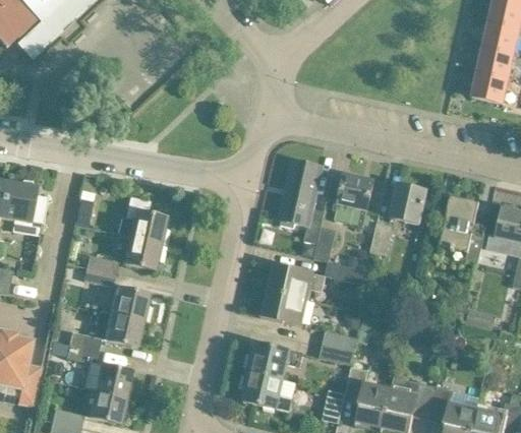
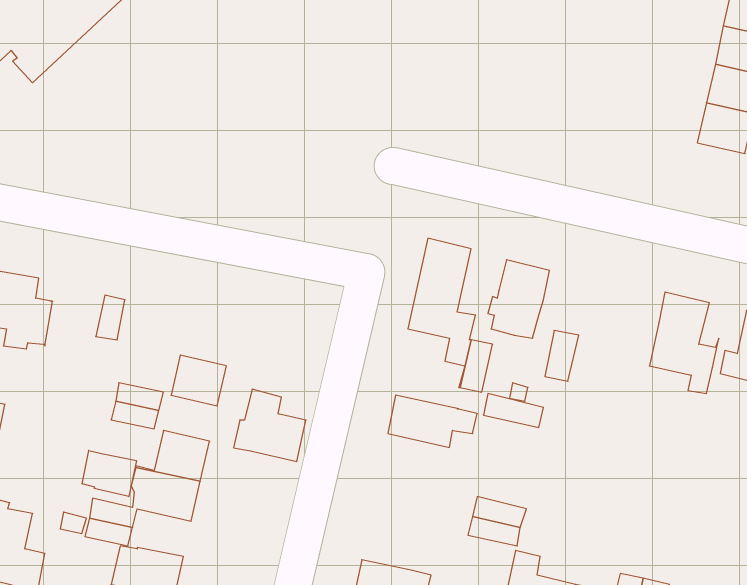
building: [391,183,426,223] -> none
building: [118,195,166,243] -> [234,389,306,462]
building: [260,288,307,324] -> none
building: none -> [82,450,136,497]
building: [249,342,303,378] -> none

